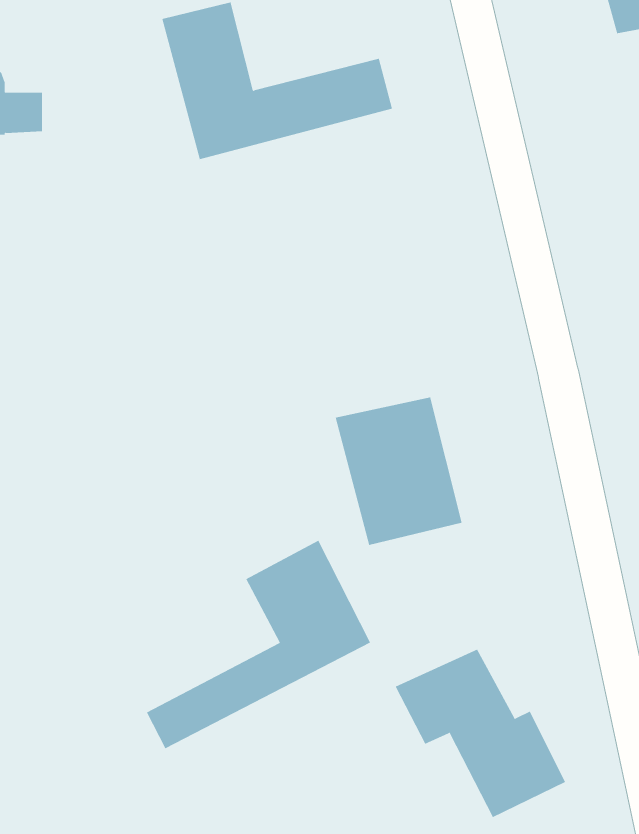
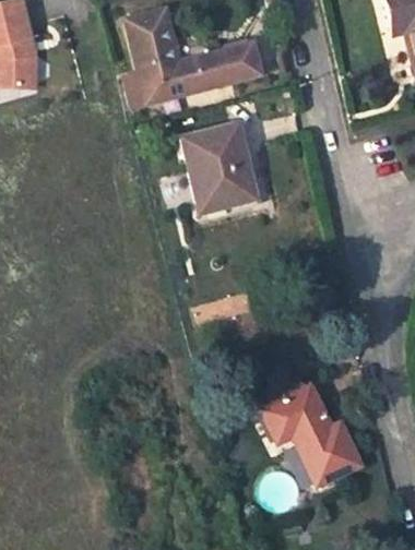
building: [335,397,463,545] -> [181,124,256,211]
building: [146,540,371,749] -> none

